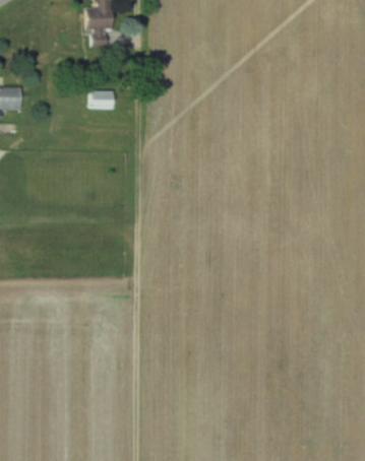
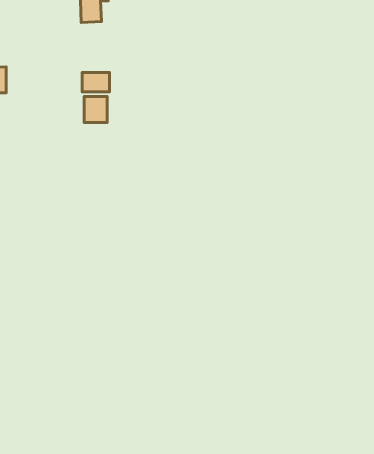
building: none -> [84,96,107,123]

